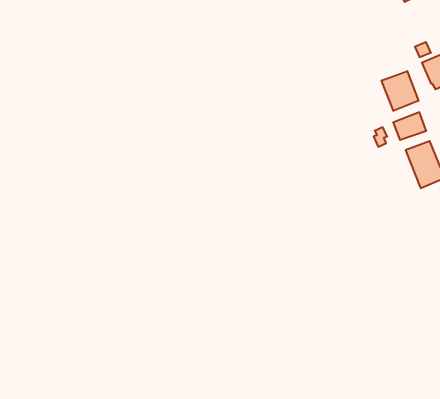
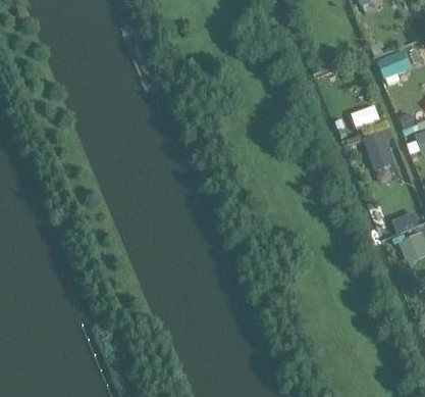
building: [382,71,418,111] -> none

